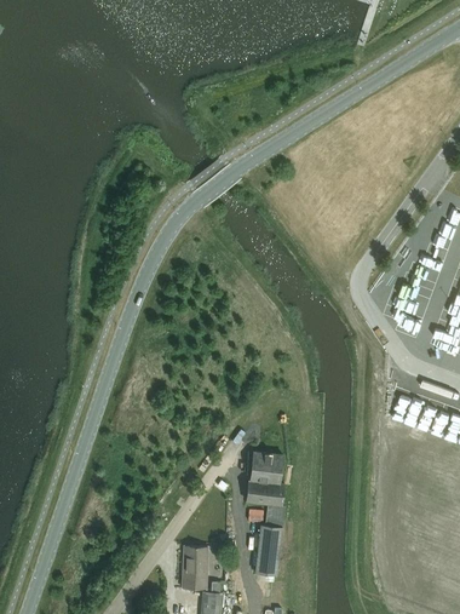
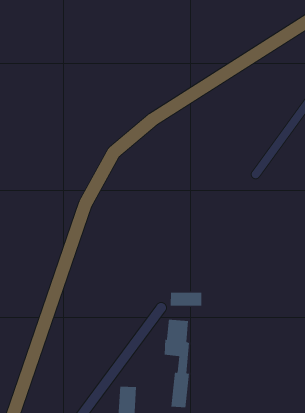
building: none -> [170,292,202,307]

